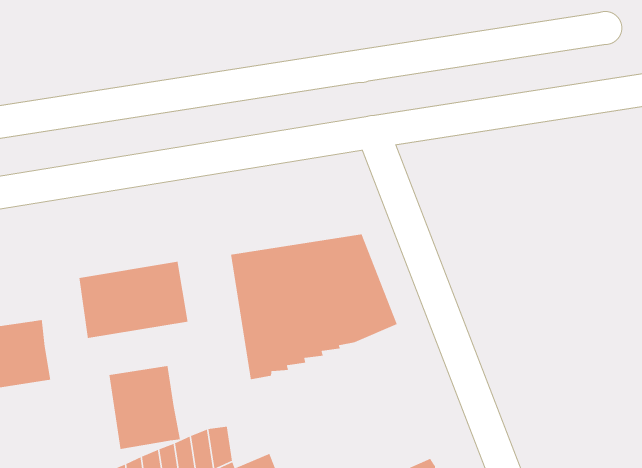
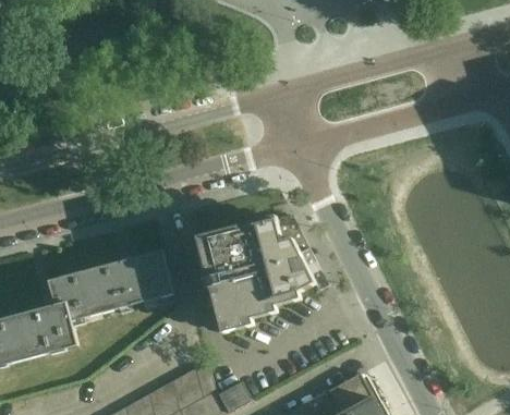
building: none -> [45,270,98,322]
building: [108,365,181,450] -> none

